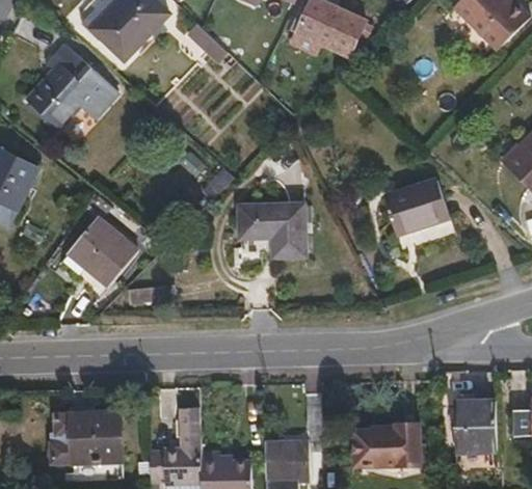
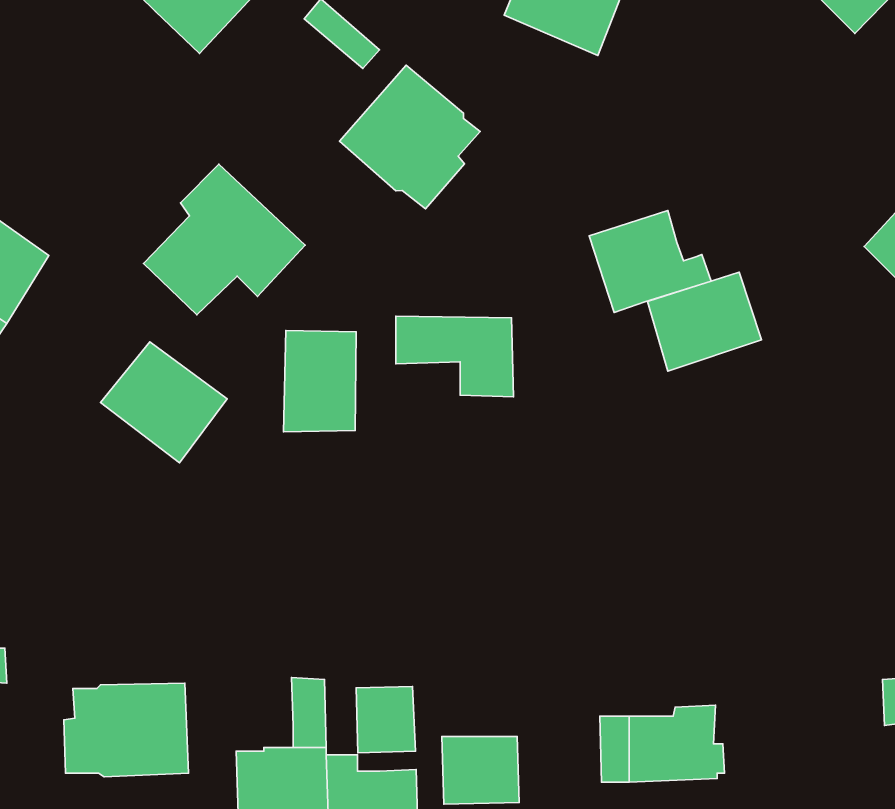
building: [26,36,117,121] -> [144,164,305,315]
building: none -> [340,65,480,209]
building: none -> [589,211,711,312]
building: none -> [284,331,356,432]
building: [454,404,497,455] -> none
building: none -> [356,686,416,753]

